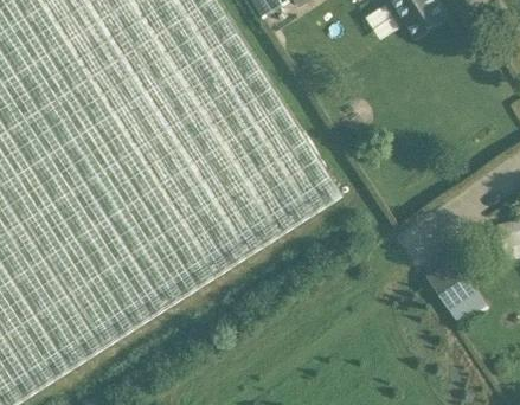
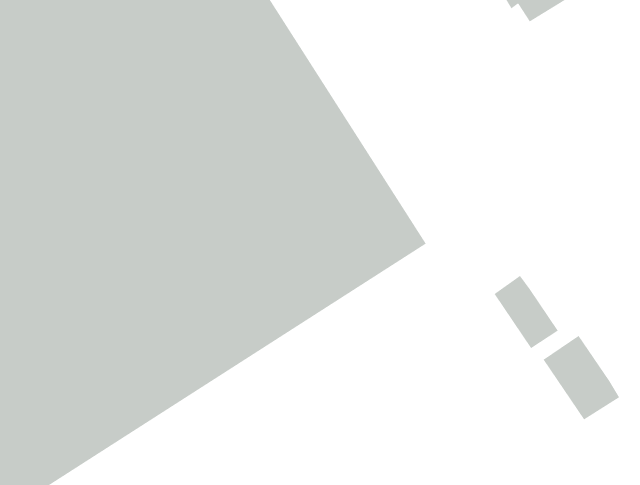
building: none -> [494,275,559,349]

